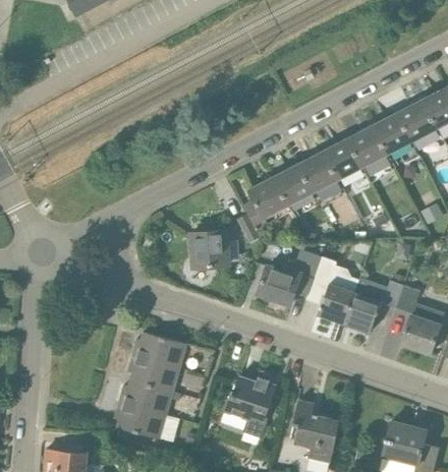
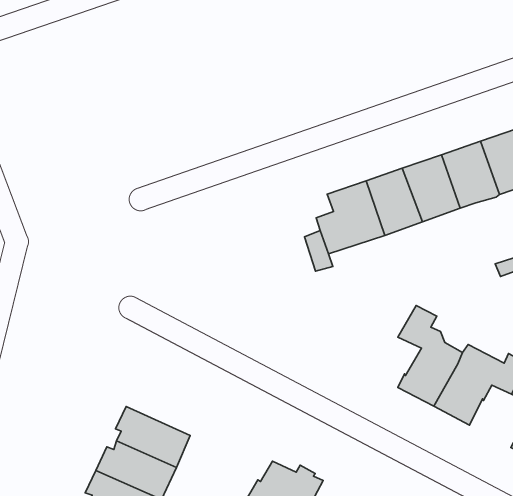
building: [192,220,229,266] -> none
building: [258,251,322,305] -> none
building: [133,332,187,368] -> none

